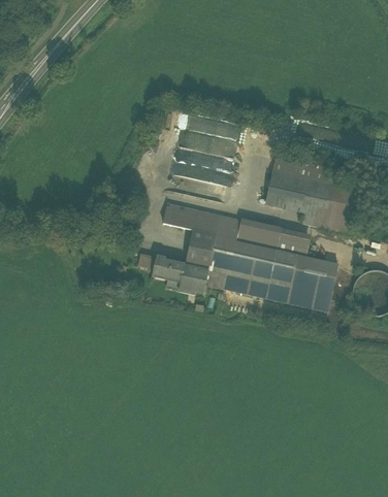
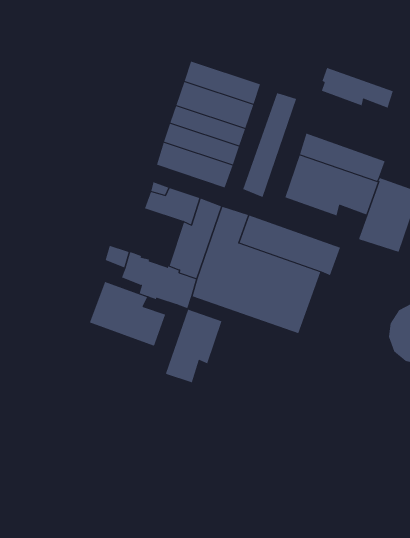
building: none -> [321,67,394,109]
building: none -> [243,93,297,198]
building: [302,204,327,227] -> none
building: [287,255,338,310] -> none
building: none -> [89,281,166,347]
building: none -> [165,309,222,383]

